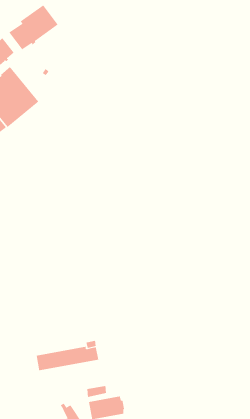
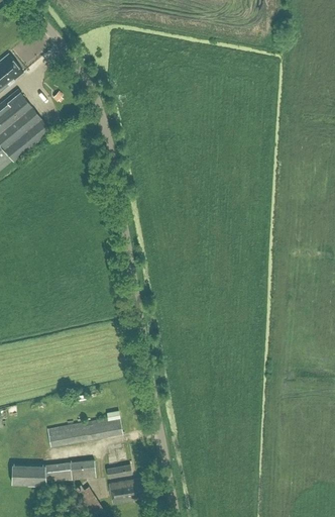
building: [8,4,59,50] -> none
building: none -> [11,459,96,486]

